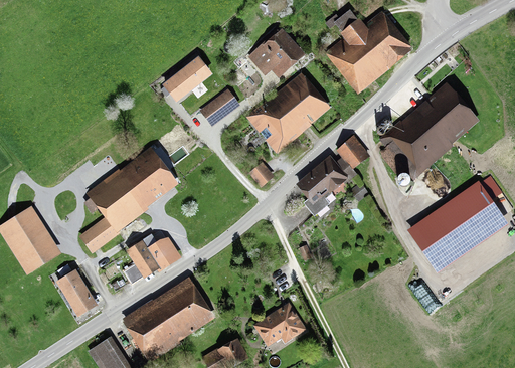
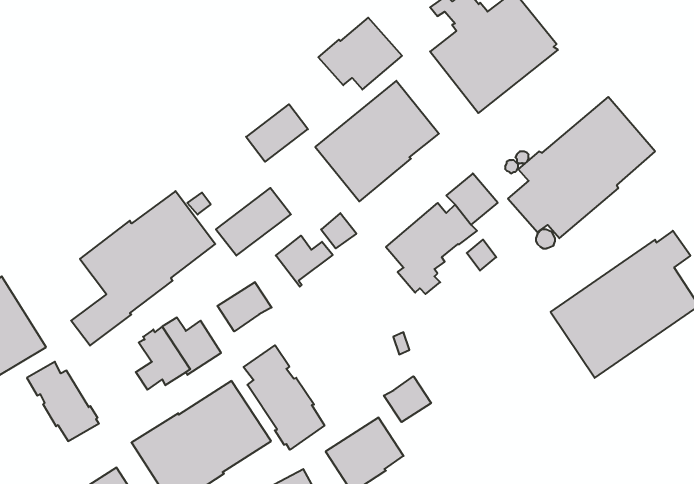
building: [161,56,212,103] -> [216,188,291,256]
building: none -> [276,236,333,287]
building: none -> [217,282,272,331]
building: none -> [244,345,324,450]
building: none -> [384,376,431,422]

